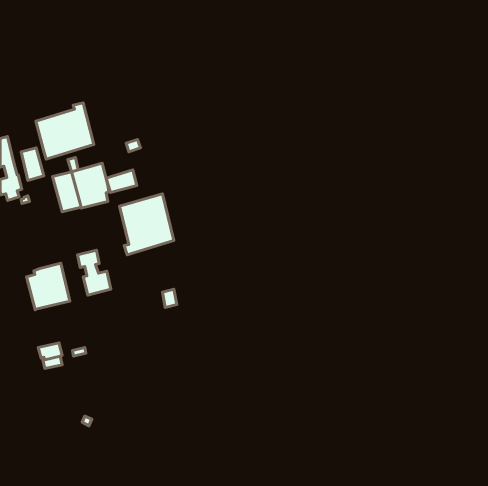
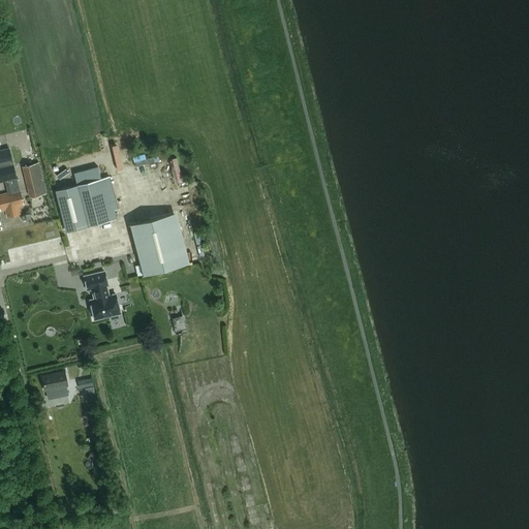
building: [36,103,94,159] -> none
building: [106,170,137,193] -> none
building: [27,263,70,310] -> none

